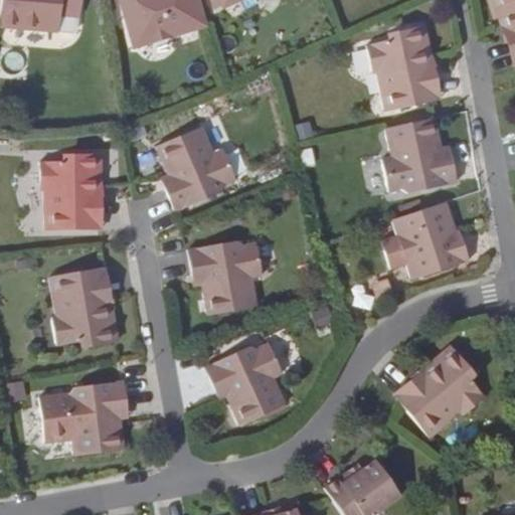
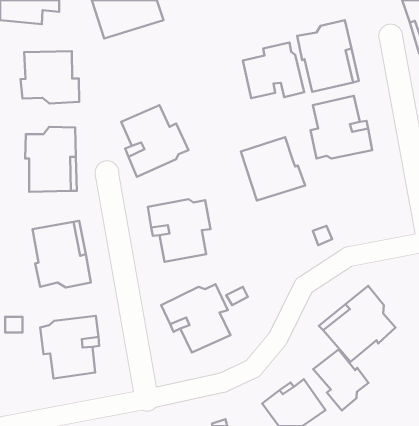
building: none -> [243,42,304,98]
building: none -> [21,51,79,104]
building: [393,201,471,278] -> [241,137,305,201]
building: none -> [313,349,368,410]

